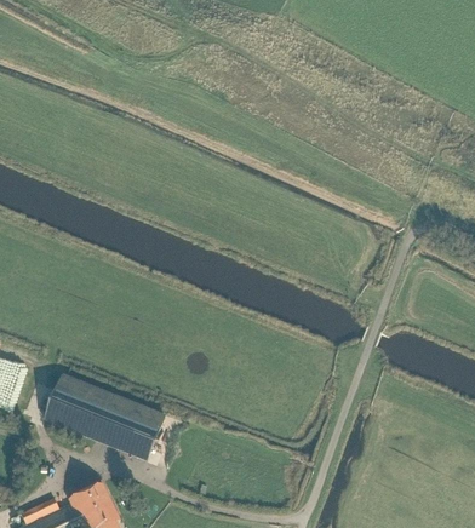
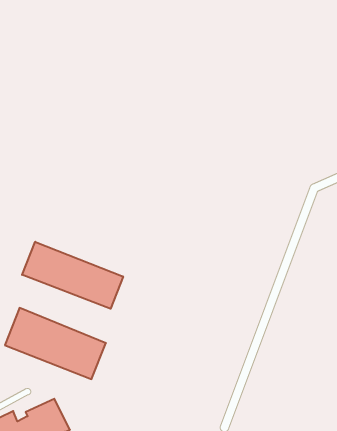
building: none -> [22,242,123,309]

